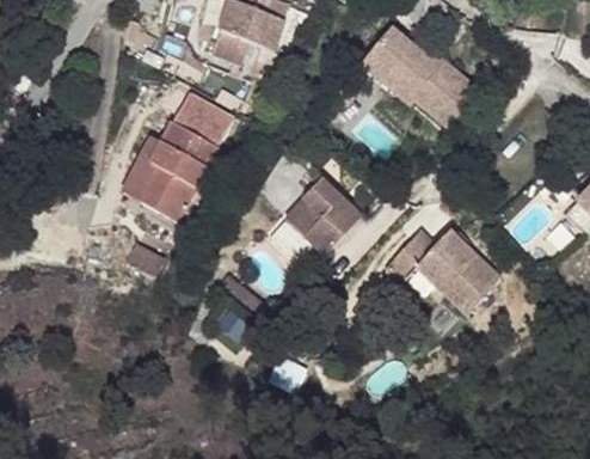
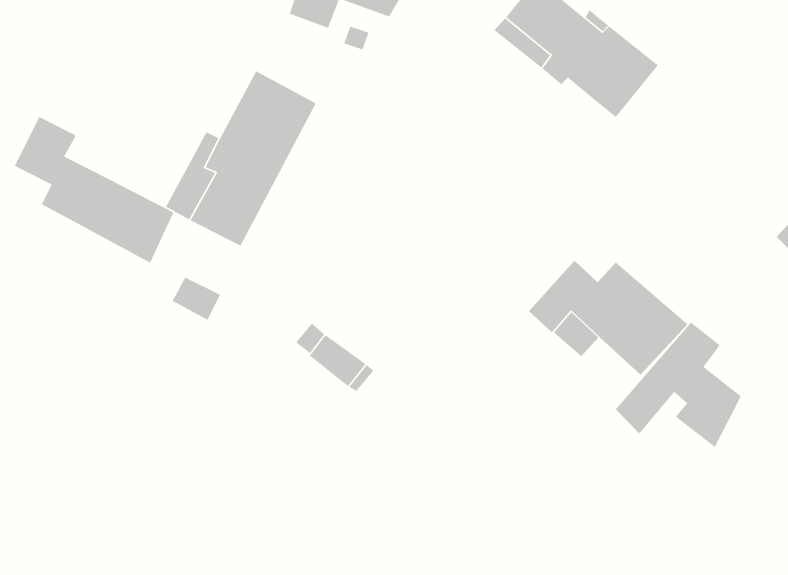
building: none -> [14,116,174,264]
building: [284,177,361,252] -> none
building: none -> [615,322,742,448]

